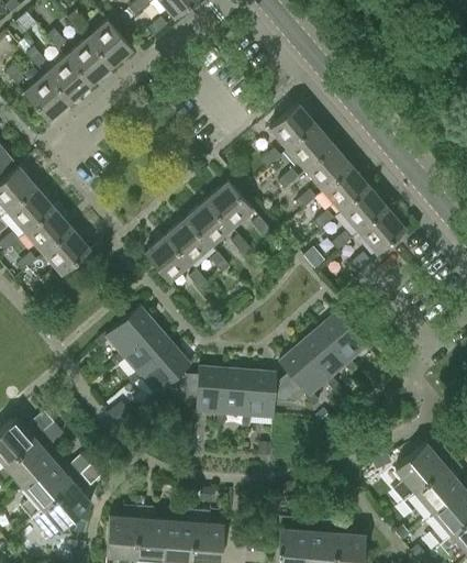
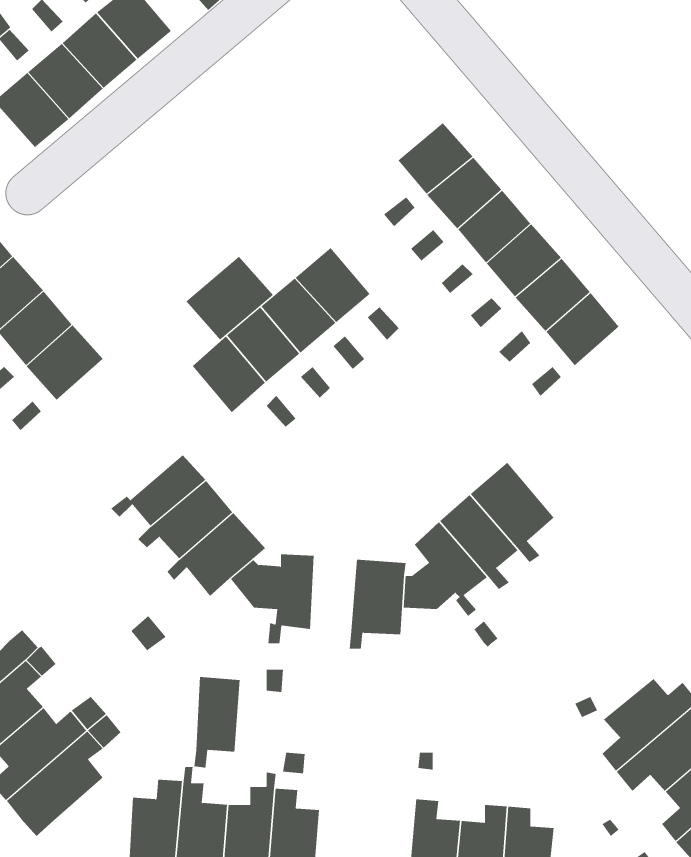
building: none -> [185,256,274,340]
building: [216,368,245,424] -> [194,676,241,768]

